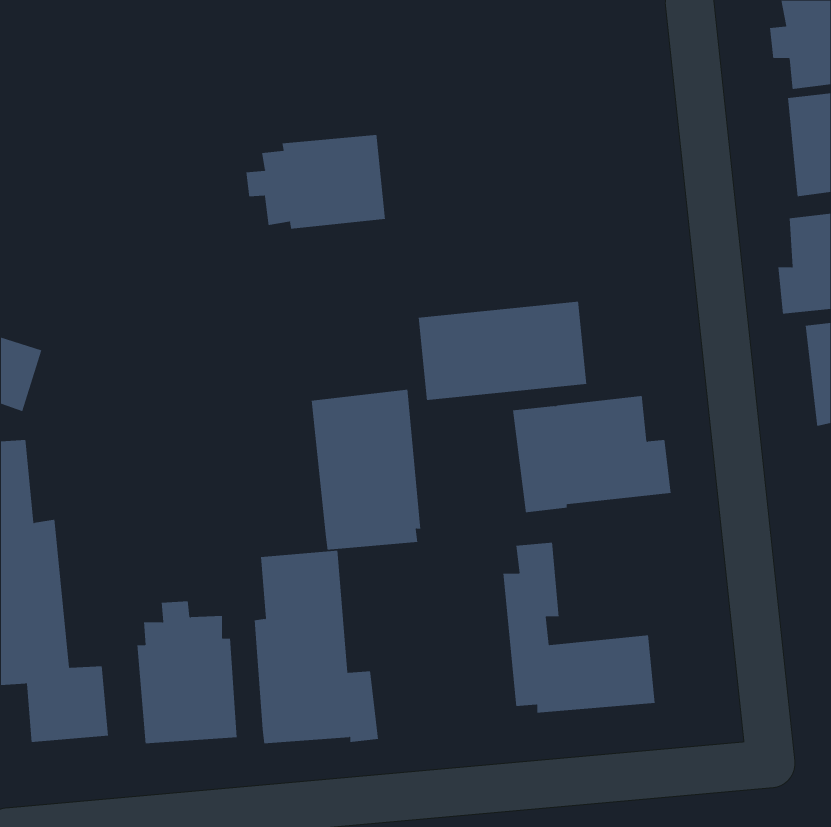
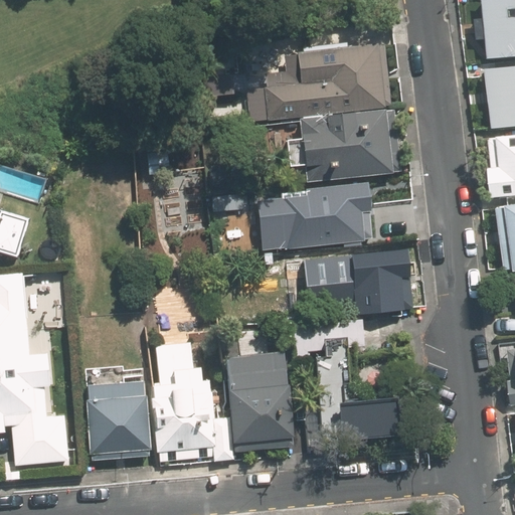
building: none -> [249,44,389,119]
building: [246,134,385,230] -> none
building: none -> [279,111,397,184]
building: [311,389,421,550] -> [226,352,295,452]

